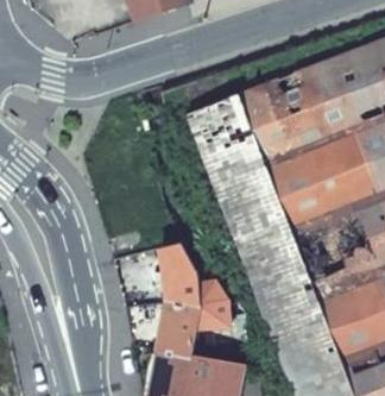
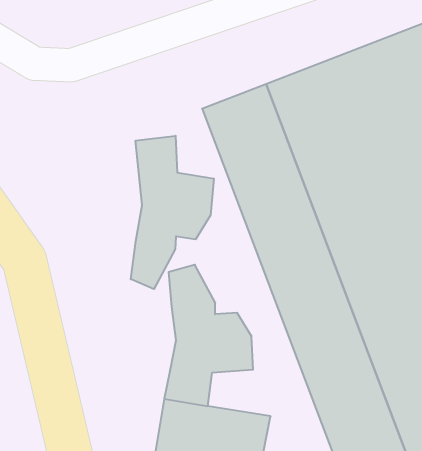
building: none -> [131,136,214,289]

